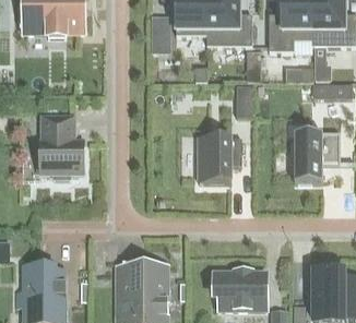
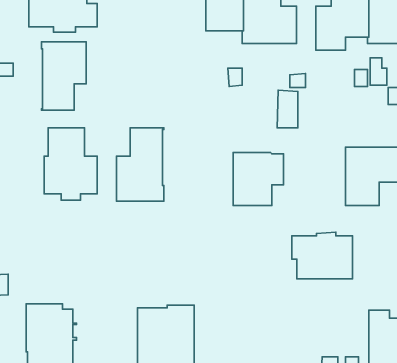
building: [152,15,169,50] -> none
building: none -> [41,42,86,110]
building: none -> [117,128,164,201]
building: [214,268,265,308] -> [292,232,353,279]

